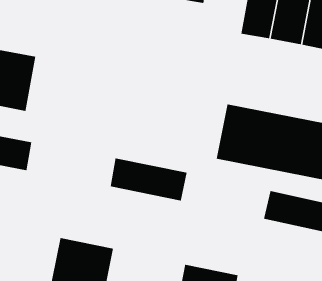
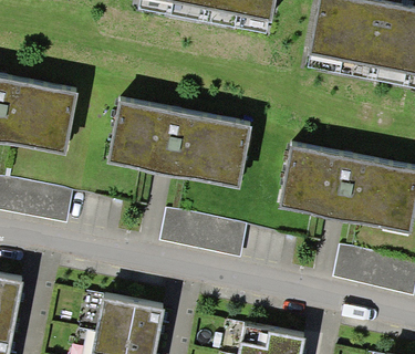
building: none -> [107,98,250,186]

